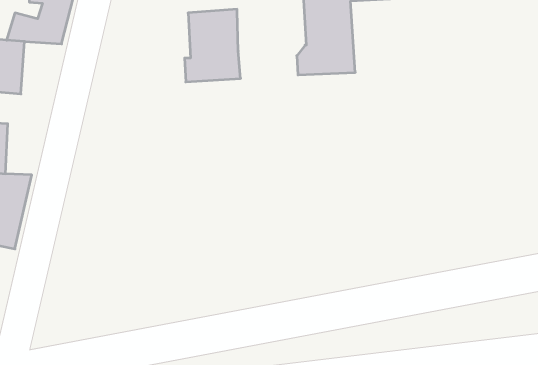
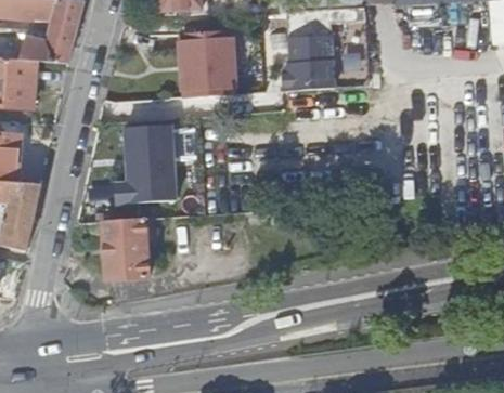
building: none -> [113,125,175,204]
building: none -> [101,218,147,280]

